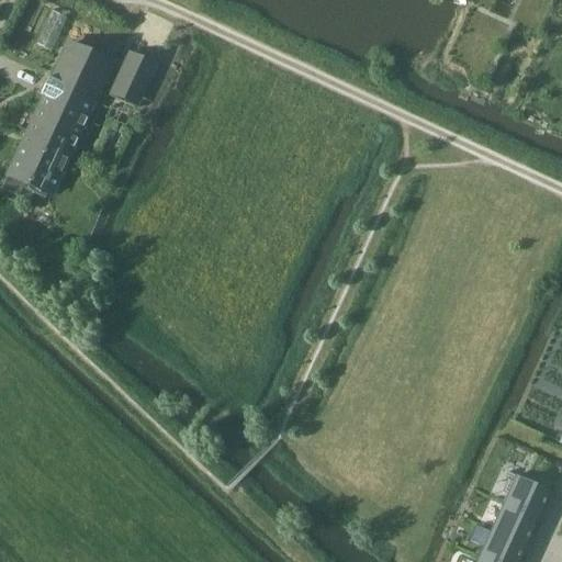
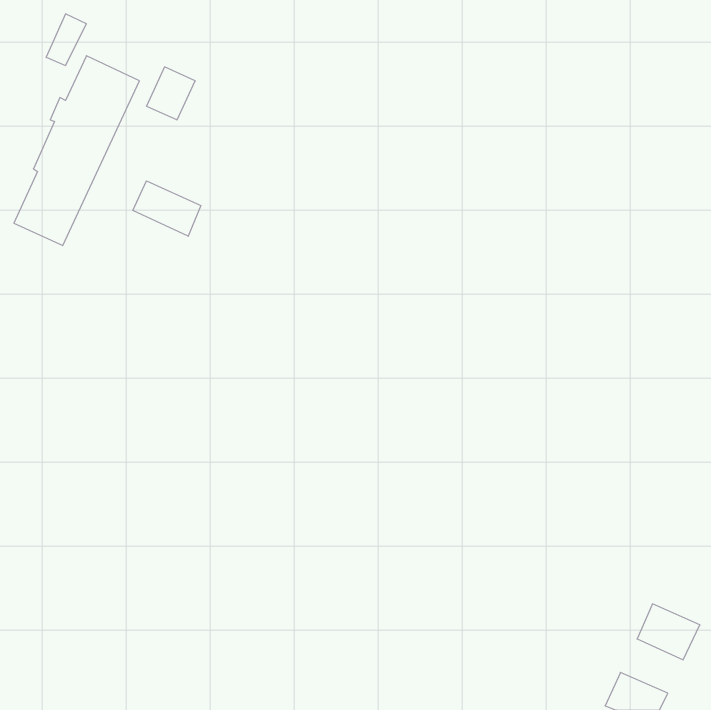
building: none -> [133,181,201,236]
building: [488,503,538,546] -> none

